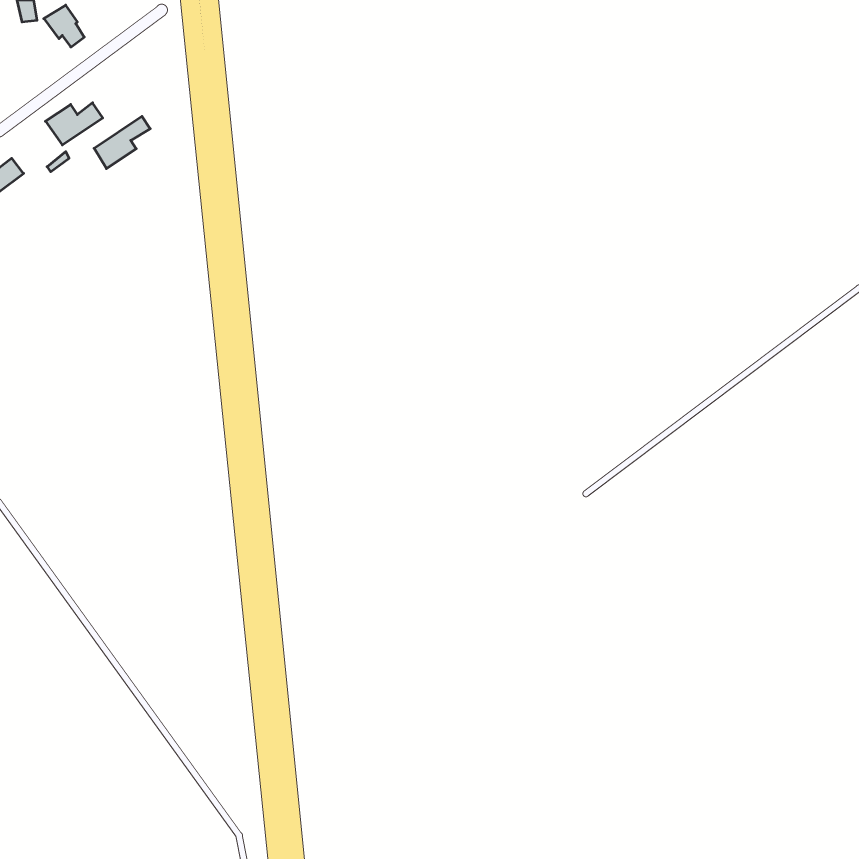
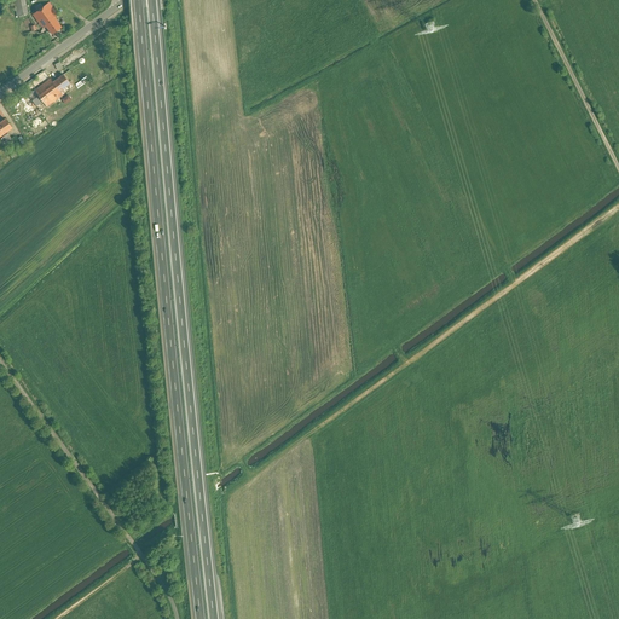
building: [94,116,150,169] -> none

